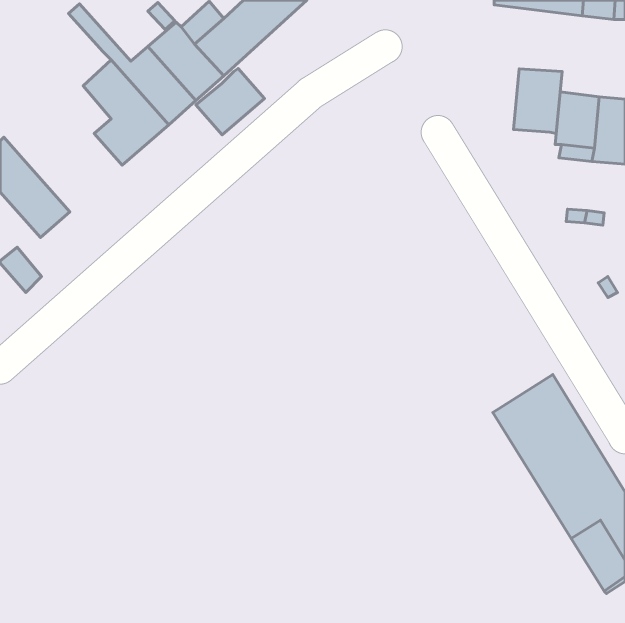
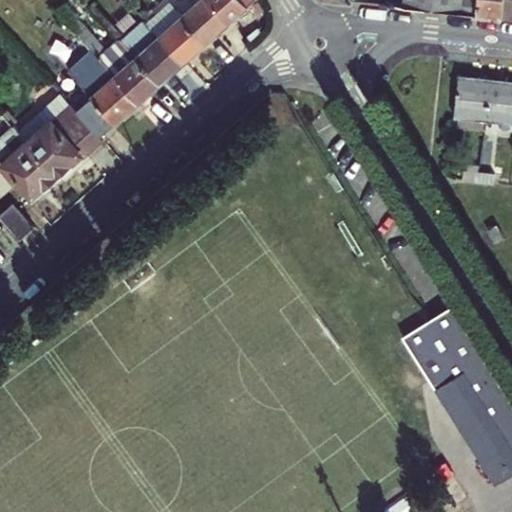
building: [196,68,264,135] -> none
building: [514,69,562,134] -> none
building: none -> [19,94,103,175]

